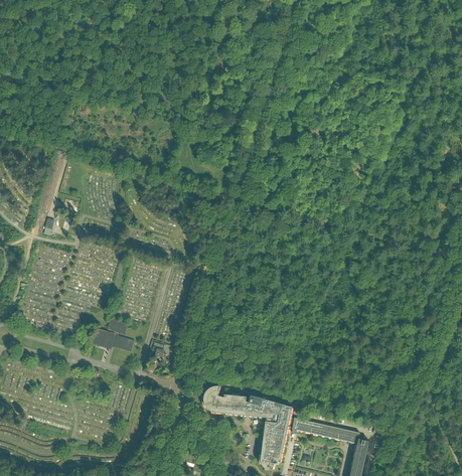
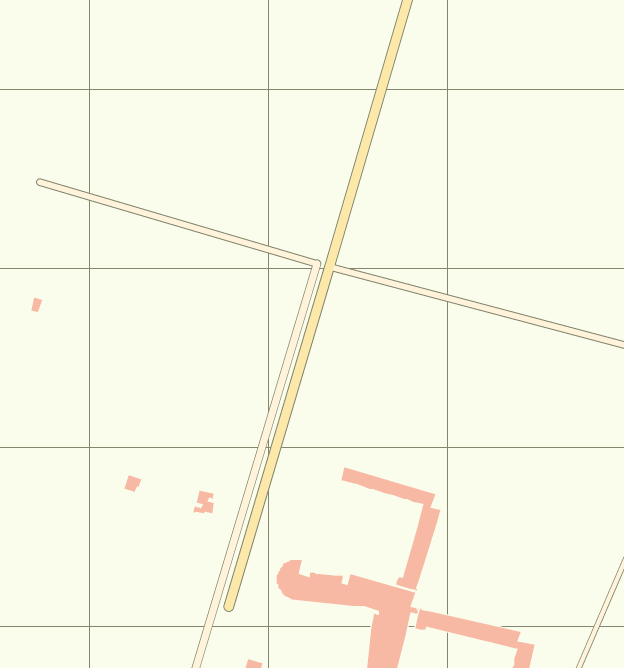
building: none -> [341,467,441,592]

